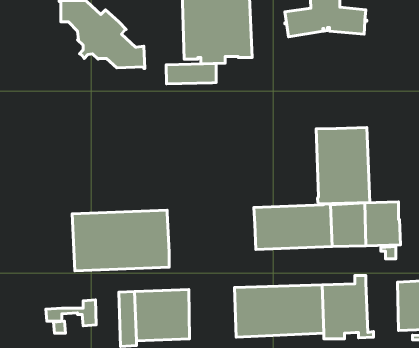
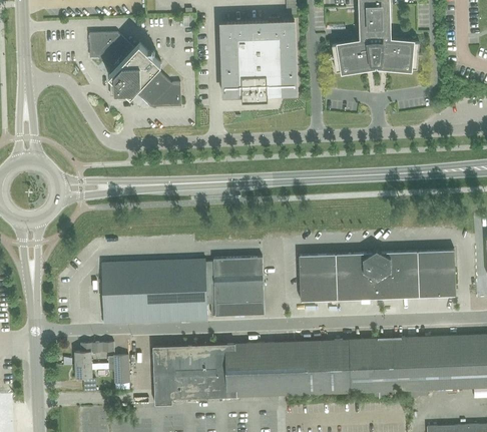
building: [166,64,216,84] -> none
building: [316,128,370,204] -> none
building: none -> [204,257,264,316]
building: none -> [418,336,453,390]
building: none -> [74,342,113,365]
building: none -> [227,342,279,397]

